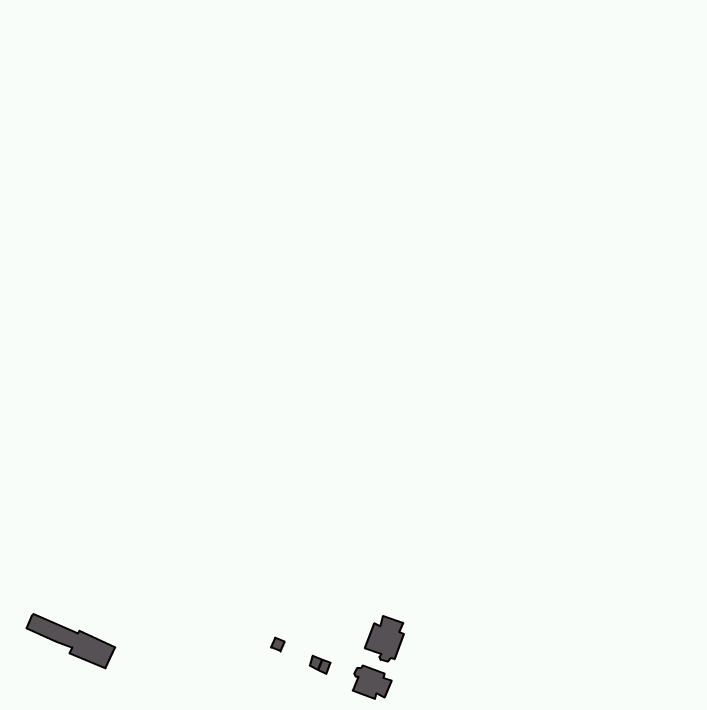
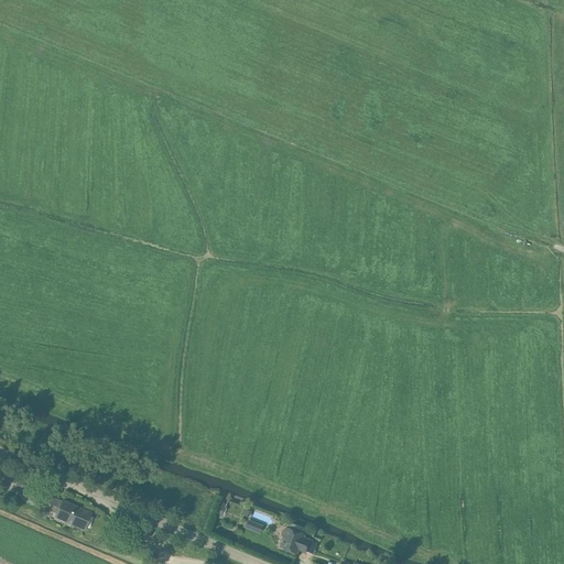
building: [365,616,404,662] -> none

